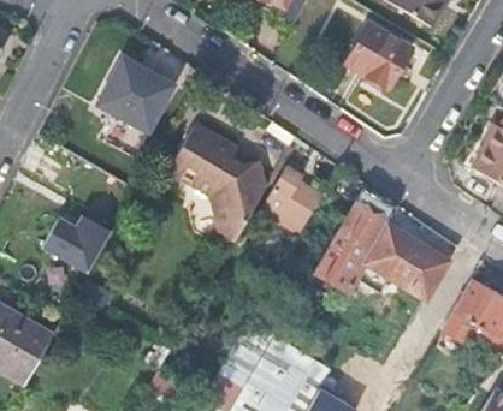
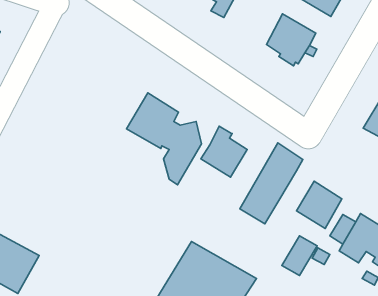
building: [96,55,174,133] -> none
building: [43,215,111,272] -> none
building: [363,225,409,276] -> [282,236,317,276]

